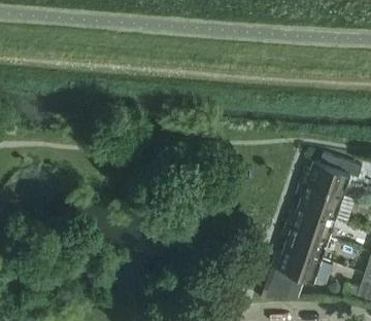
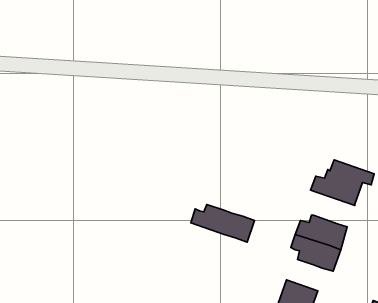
building: [296,182,342,217] -> none
building: [272,248,333,284] -> [191,204,255,242]

